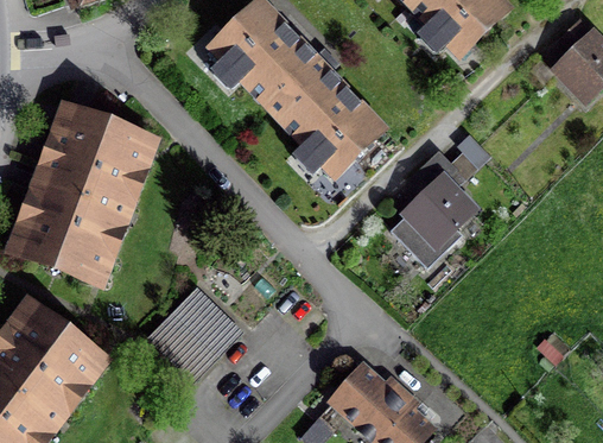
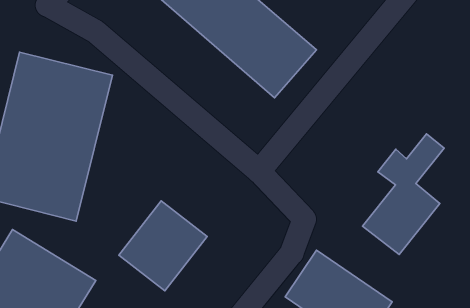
building: [392,139,491,268] -> [363,134,444,254]

